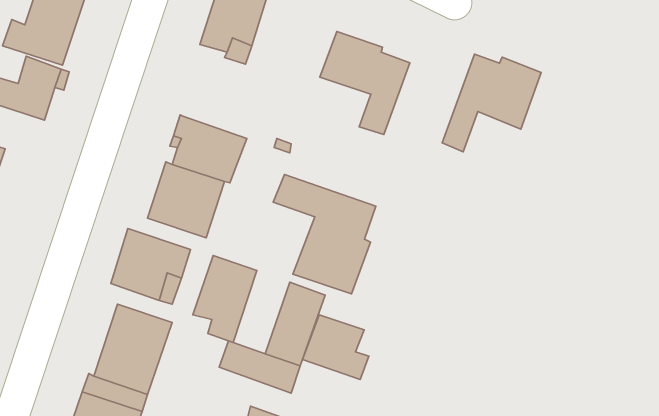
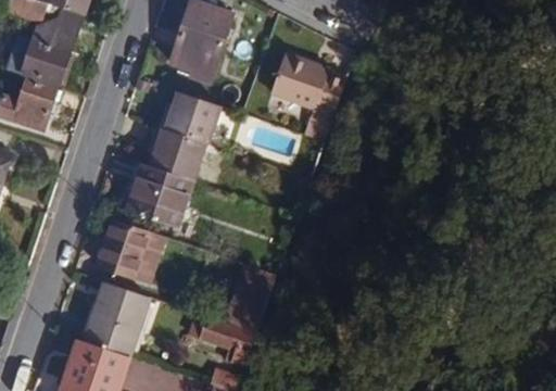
building: [442,54,541,152] -> none
building: none -> [157,91,226,144]
building: [273,175,376,294] -> none
building: [193,256,257,343] -> none
building: [302,315,369,380] -> none

